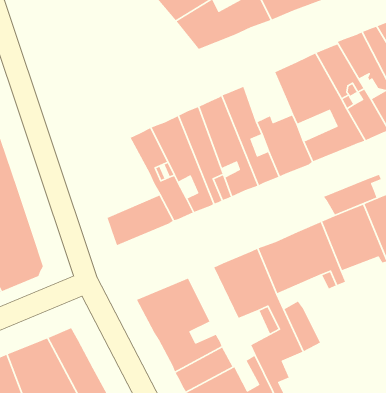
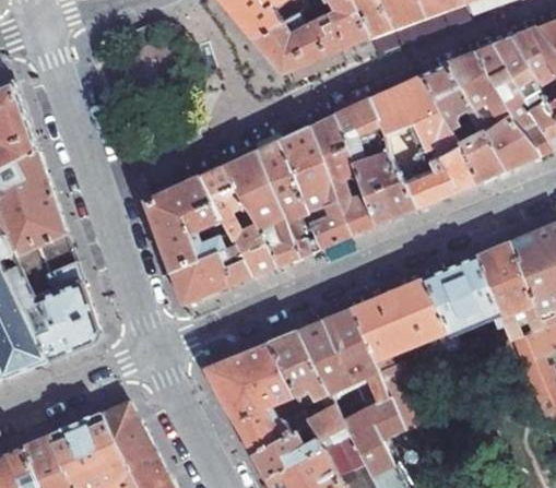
building: none -> [333,99,383,158]
building: none -> [145,177,234,272]
building: [323,174,382,215] -> none
building: none -> [268,331,327,407]
building: none -> [306,405,346,449]

